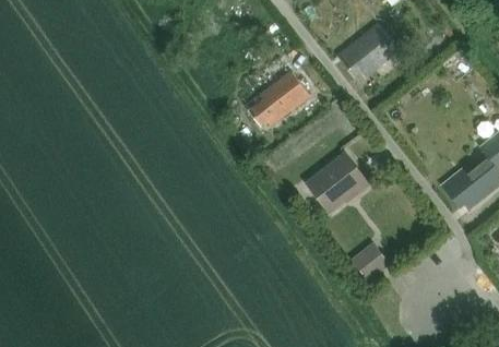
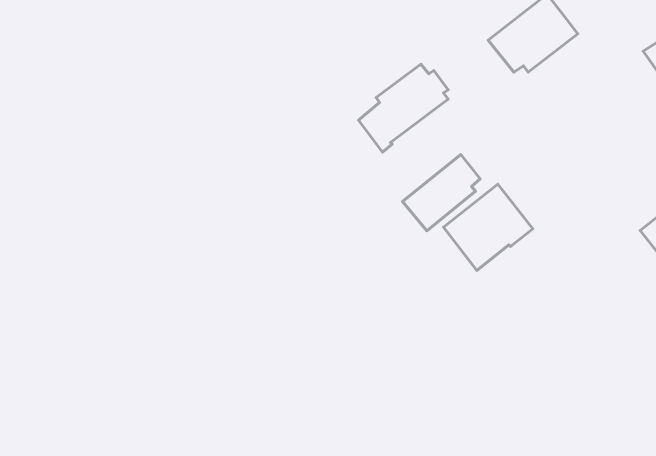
building: none -> [402,154,480,231]
building: [355,247,389,280] -> none

